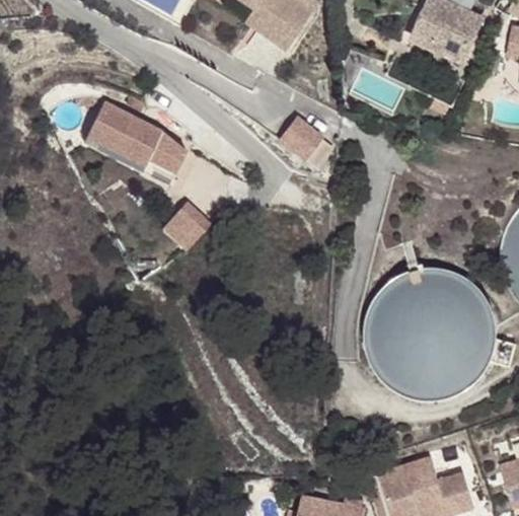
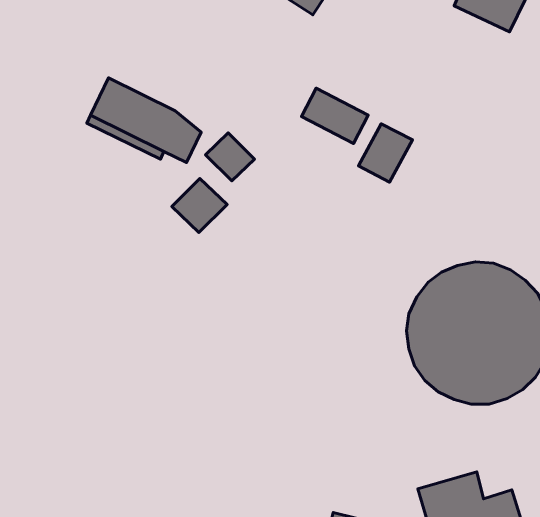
building: none -> [358,124,412,182]
building: none -> [205,133,254,181]

